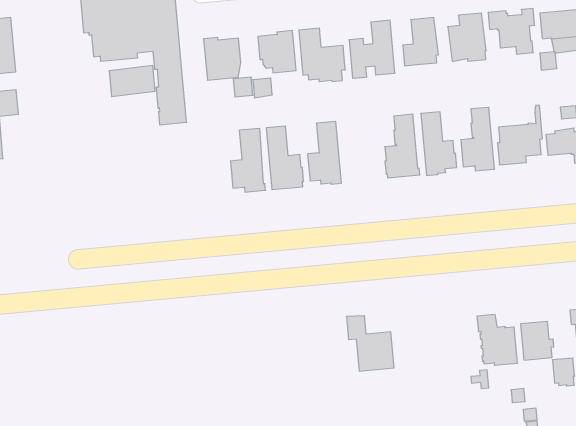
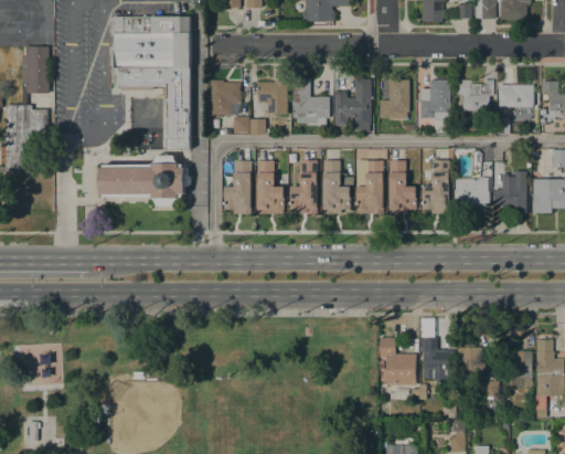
building: none -> [323,160,350,213]
building: none -> [99,154,191,205]
building: [346,316,394,371] -> [380,337,416,384]

